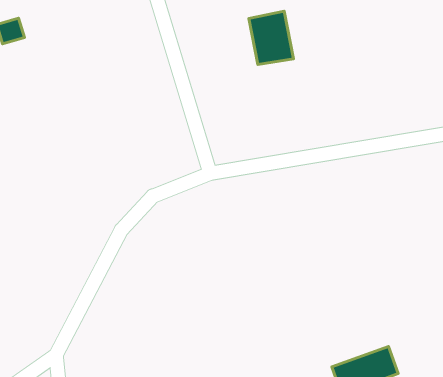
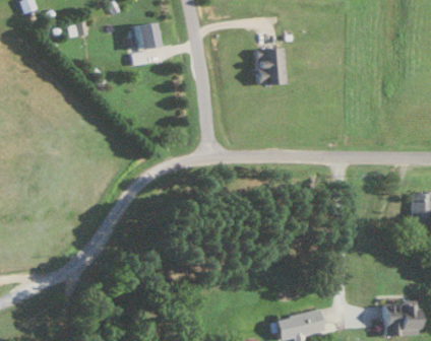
building: none -> [134,22,158,50]

